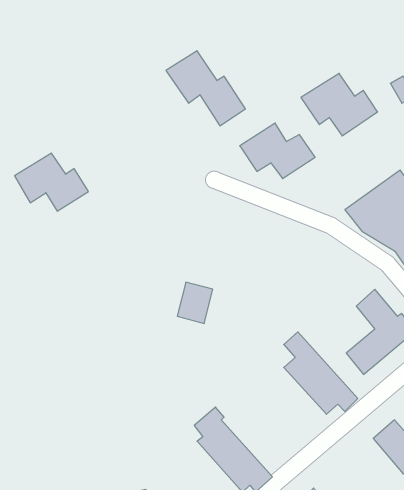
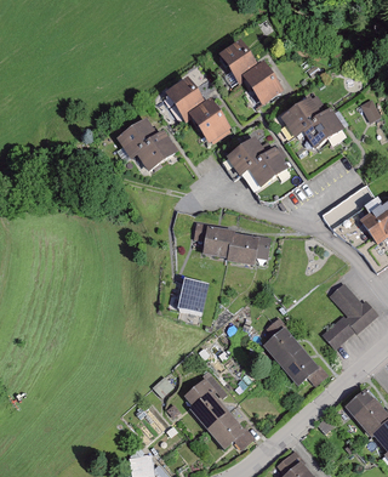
building: none -> [219,41,283,103]
building: [15,153,88,211] -> [119,118,182,167]
building: none -> [194,218,273,263]

